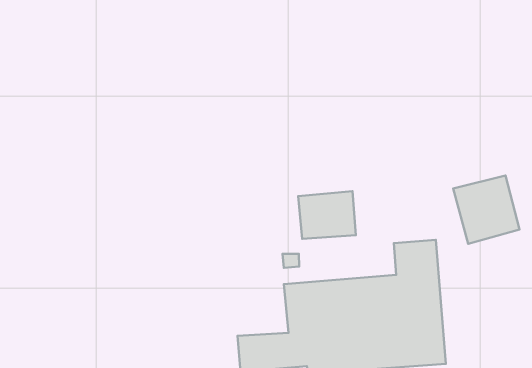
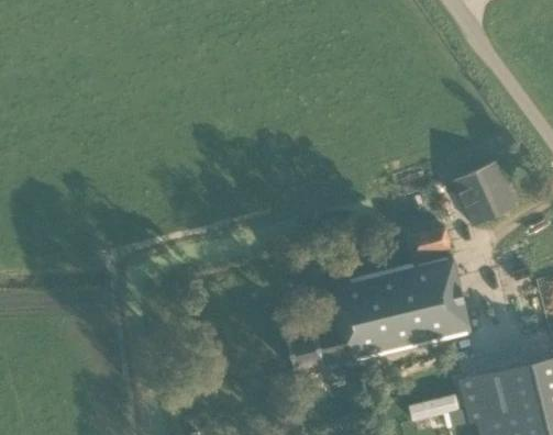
building: [298,191,356,239] -> none

